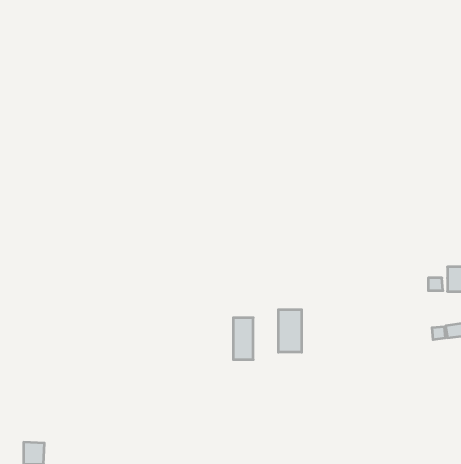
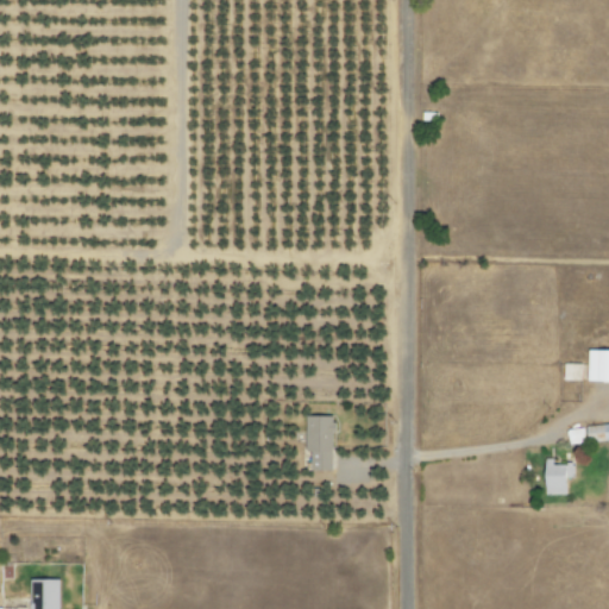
building: [278,310,302,352] -> none
building: none -> [546,459,576,495]

